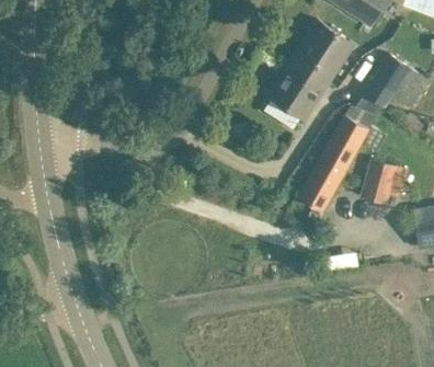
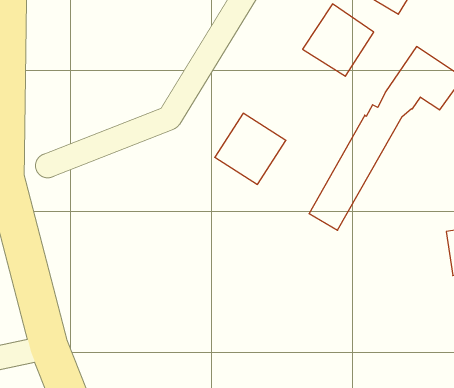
building: [269,57,329,117] -> [215,113,286,184]
building: [361,159,408,203] -> none

